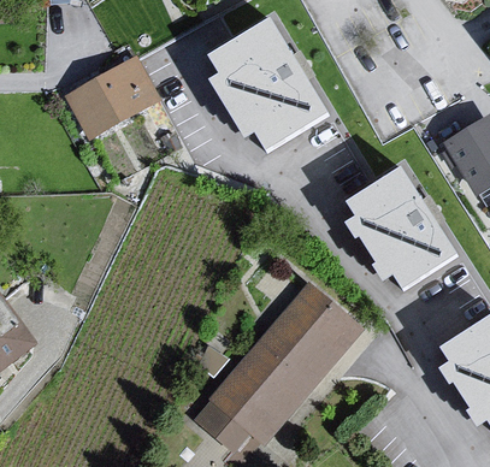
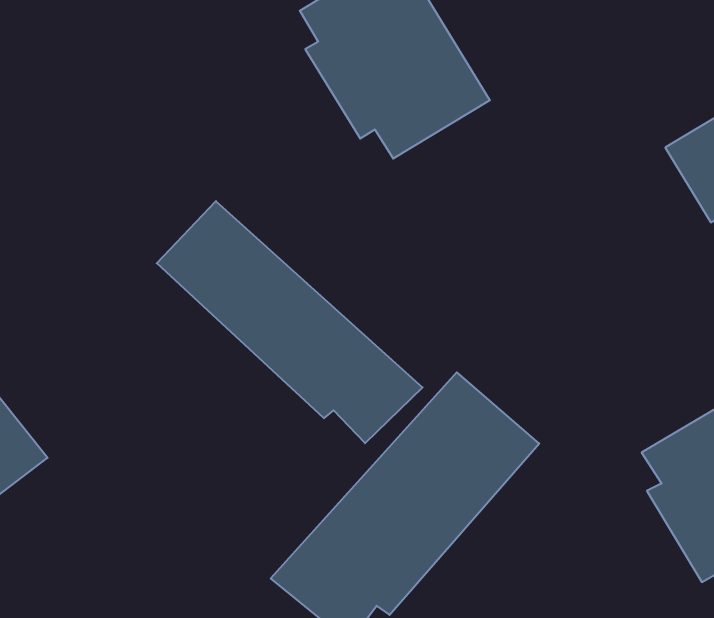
building: [65,49,169,142] -> none
building: [338,158,464,294] -> none
building: none -> [157,201,423,443]

